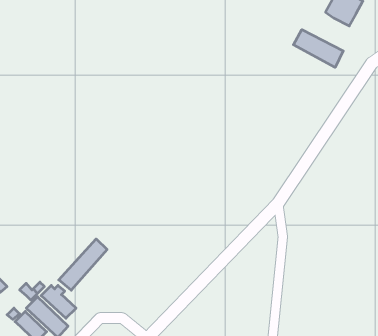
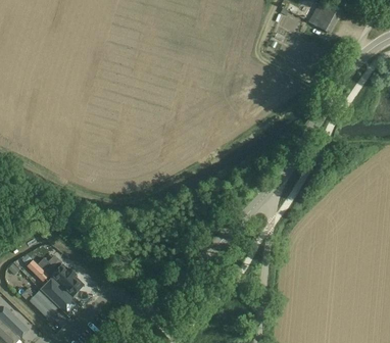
building: [293,30,343,67] -> none
building: [59,239,107,290] -> none

